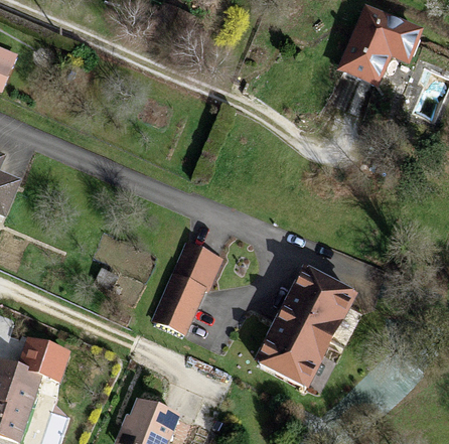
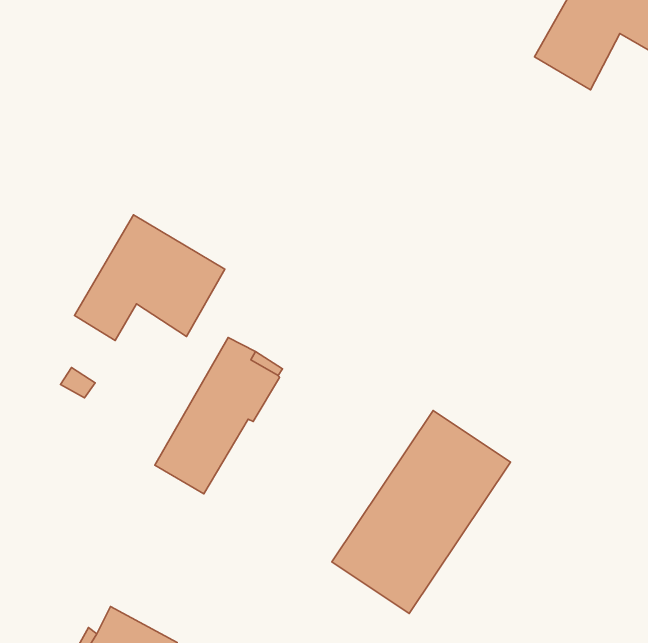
building: none -> [75,215,225,340]

